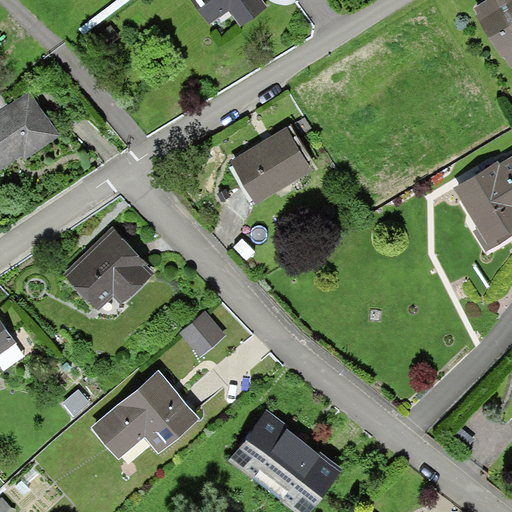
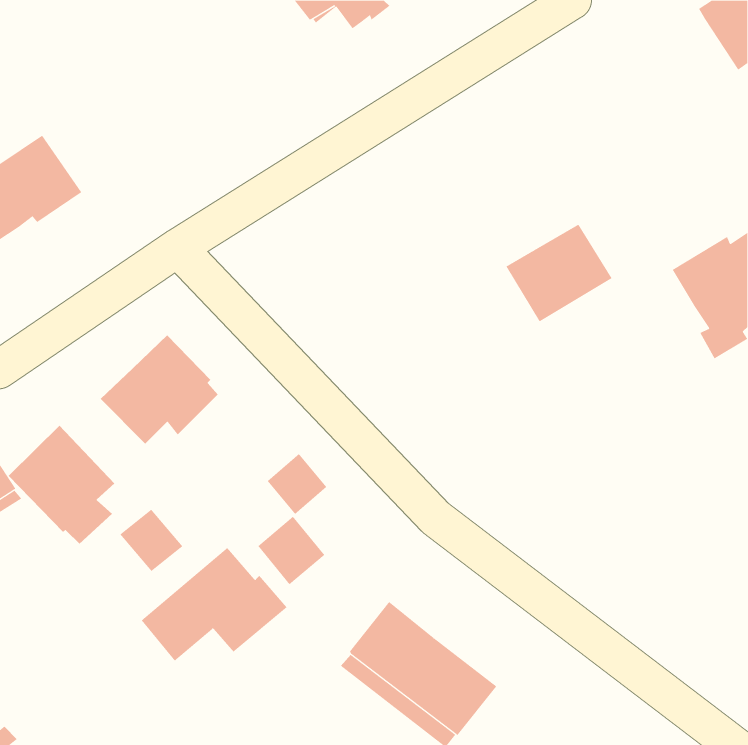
building: [237,130,310,197] -> [505,224,613,322]
building: none -> [8,425,115,544]
building: none -> [120,509,183,572]
building: none -> [258,516,325,585]

